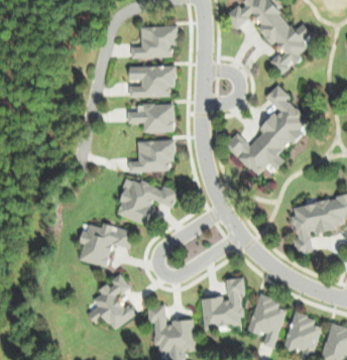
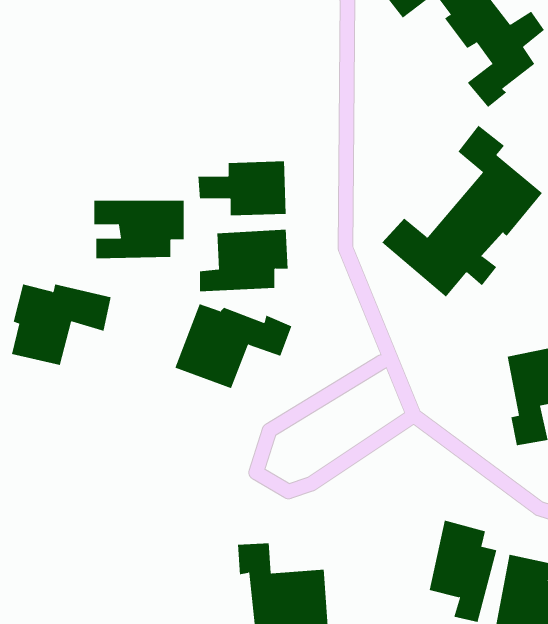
building: [131,25,178,57] -> none
building: [128,66,177,97] -> [93,200,185,259]
building: [80,223,133,266] -> [11,284,112,366]
building: [88,273,136,330] -> none
building: [202,277,246,328] -> none

